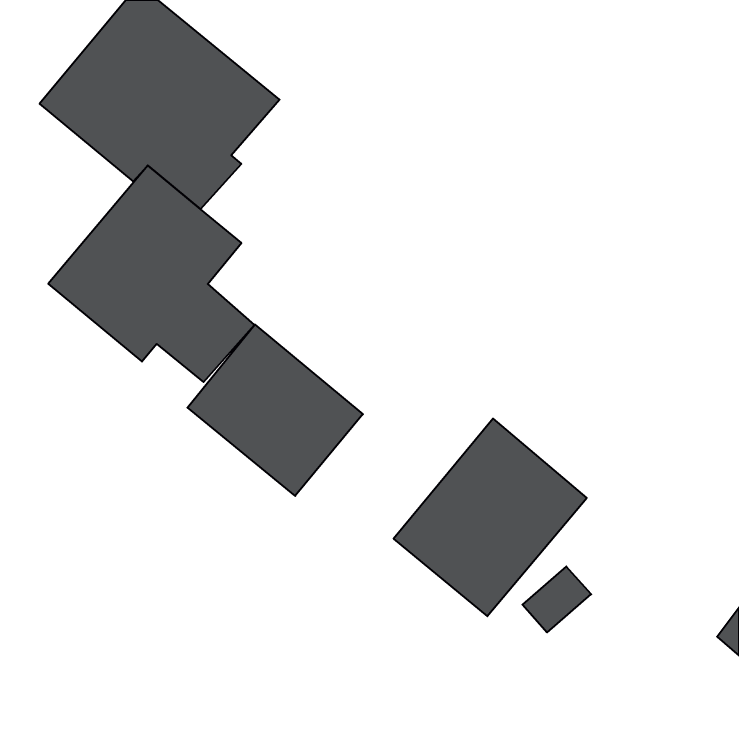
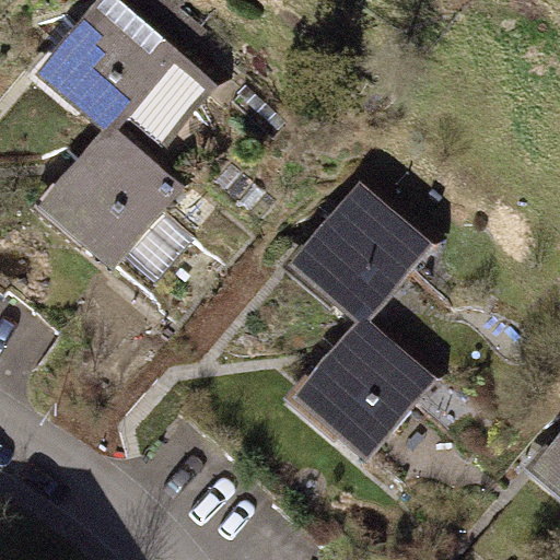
building: none -> [285,180,430,327]
building: [187,325,363,496] -> none

